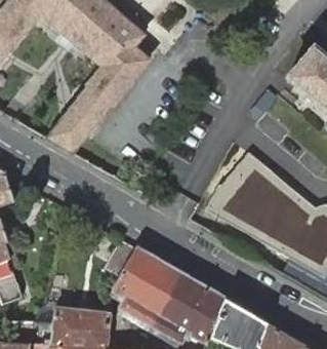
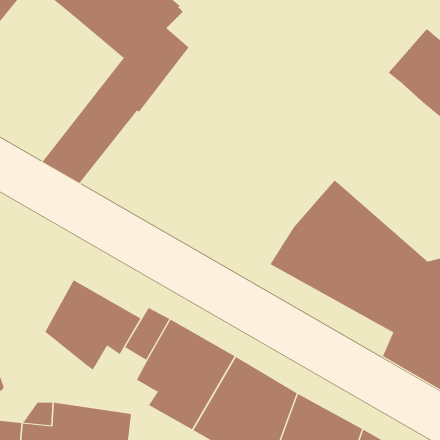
building: none -> [45,280,141,371]

